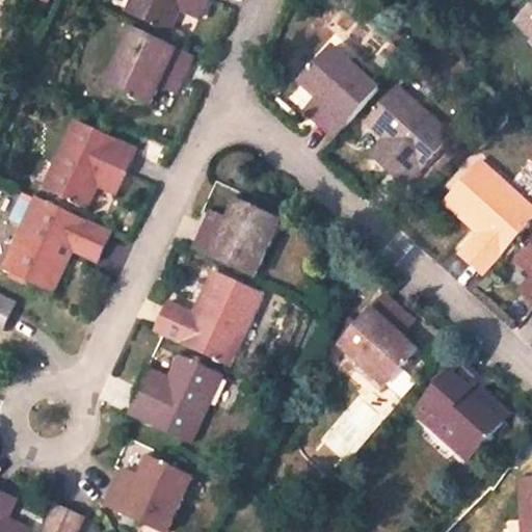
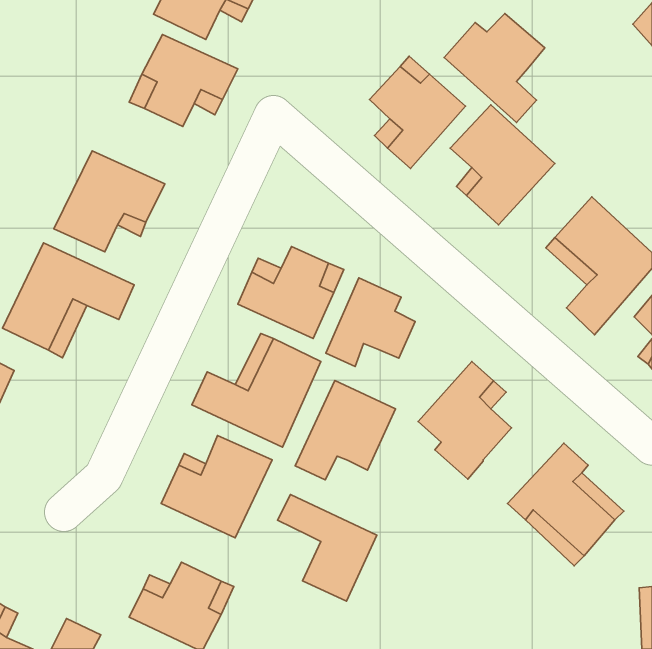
building: none -> [444,13,545,123]
building: none -> [326,278,415,366]
building: none -> [295,381,395,480]
building: none -> [278,494,377,601]

